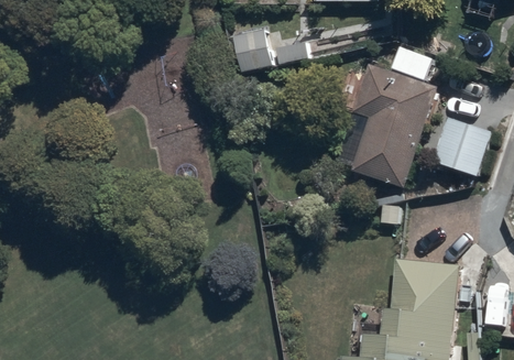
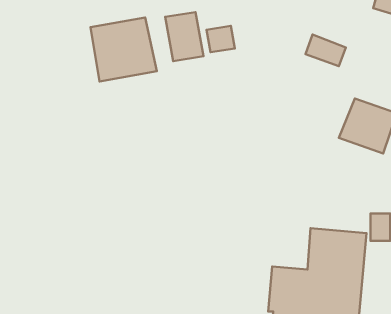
building: none -> [90,18,157,81]
building: [352,66,438,187] -> none

